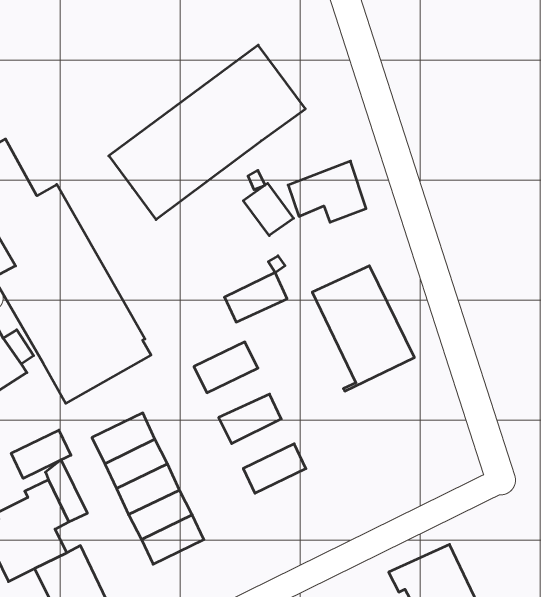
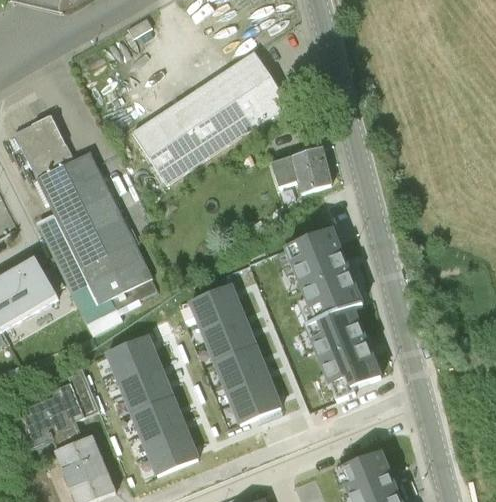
building: [243,183,294,236] -> none
building: [224,273,287,322] -> [198,304,247,341]
building: none -> [306,303,380,400]
building: none -> [215,345,264,382]
building: [11,430,71,478] -> none
building: none -> [231,385,281,423]
building: none -> [148,436,198,474]

